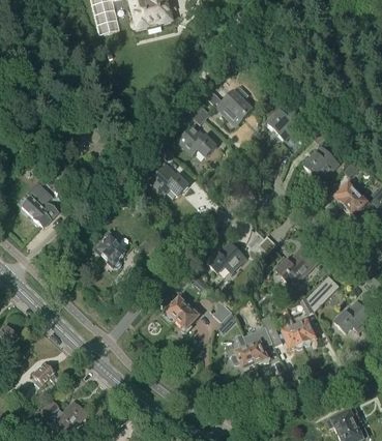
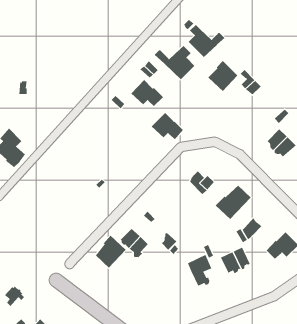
building: none -> [188,24,226,58]
building: [303,145,339,181] -> none
building: [150,164,188,196] -> [151,112,184,140]
building: [94,230,125,267] -> none
building: [207,240,245,272] -> none
building: none -> [95,235,126,269]
building: [231,333,256,369] -> none

